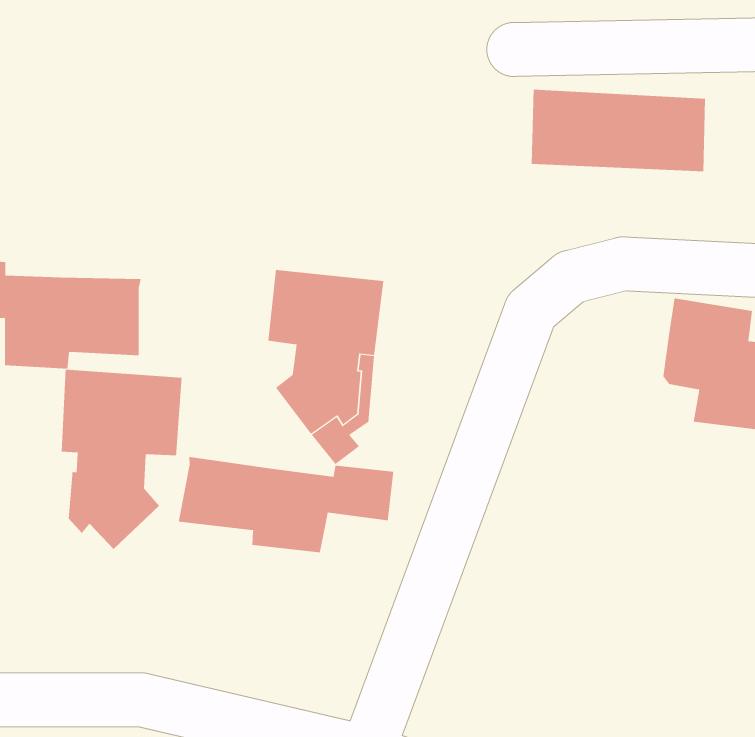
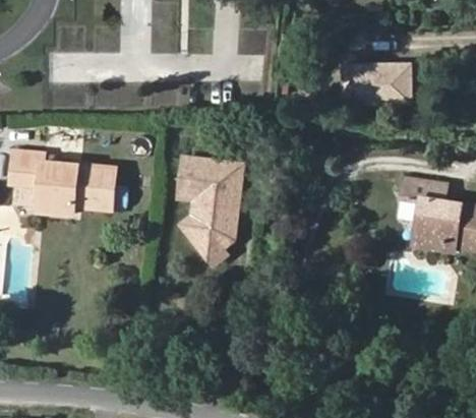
building: [61,369,182,550] -> none
building: [178,456,394,553] -> none

